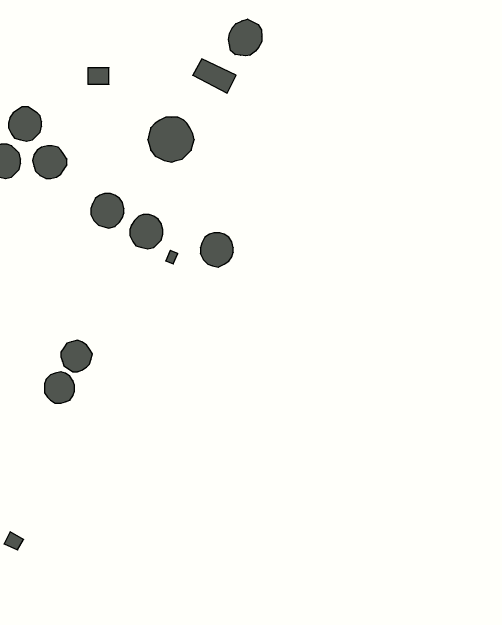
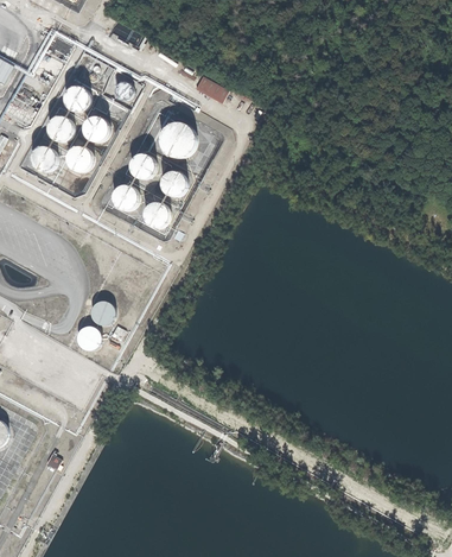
building: [228,19,262,56] -> none
building: none -> [64,84,90,110]
building: none -> [83,115,110,141]
building: none -> [130,152,157,178]
building: [200,233,233,267] -> [160,169,186,196]

